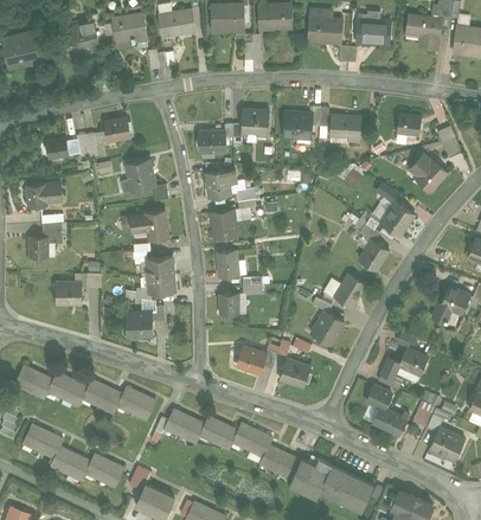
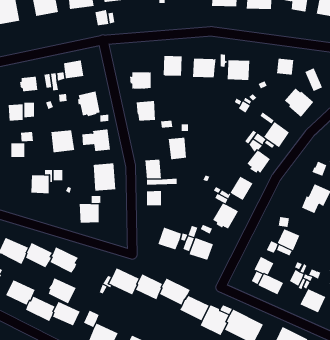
building: [209,210,235,240] -> [168,137,187,160]
building: none -> [51,129,75,153]
building: [120,379,159,416] -> [48,277,76,304]

